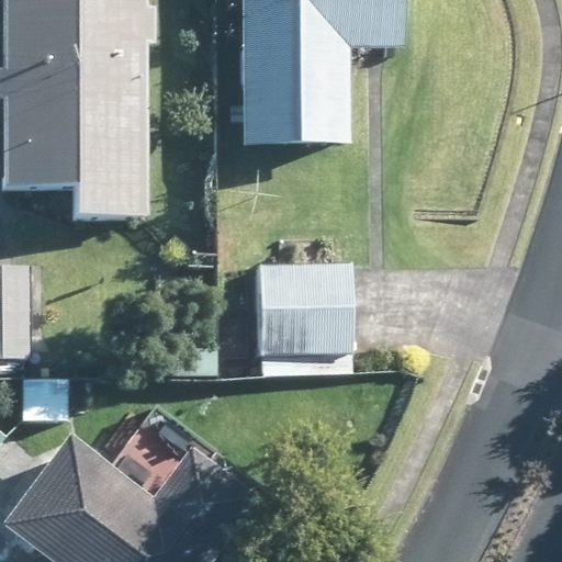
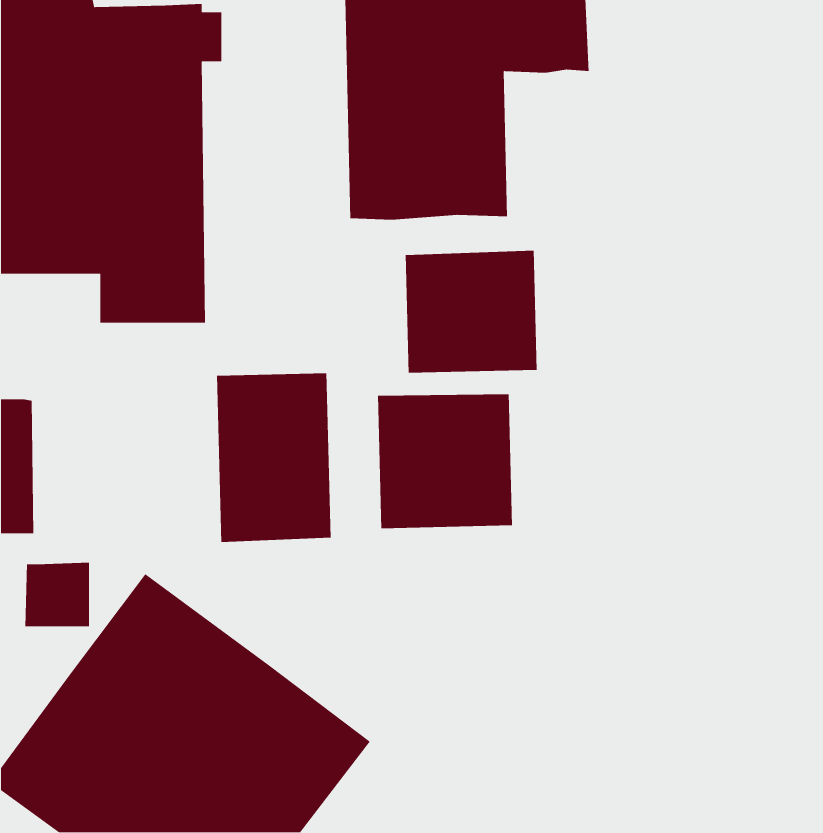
building: none -> [405,250,537,374]
building: none -> [216,373,331,543]

